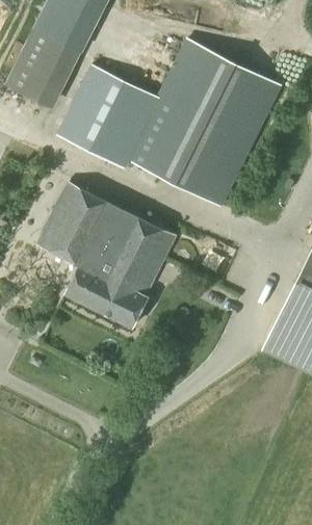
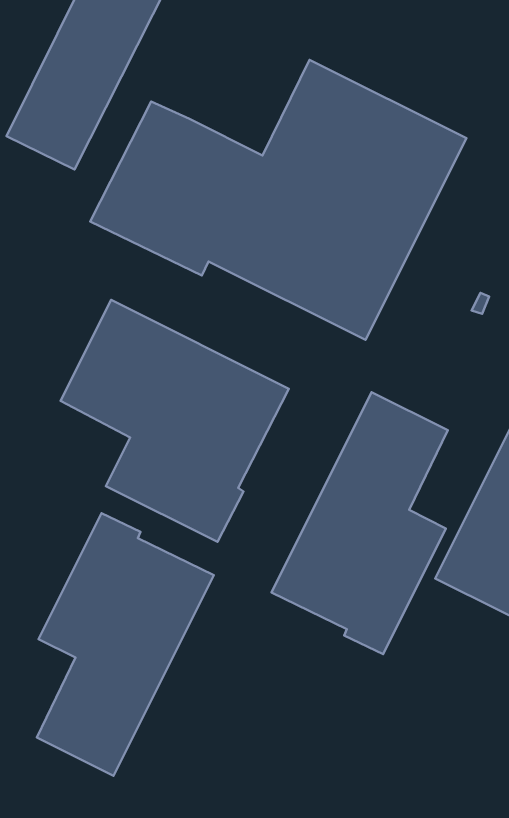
building: none -> [271,392,448,654]
building: none -> [37,513,214,776]

